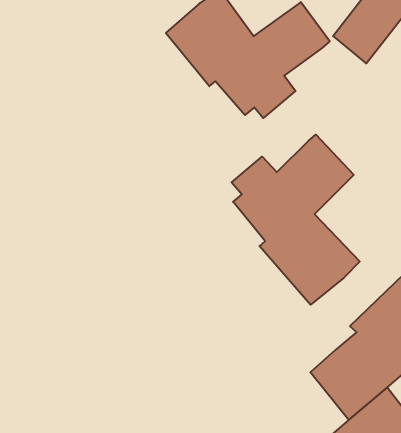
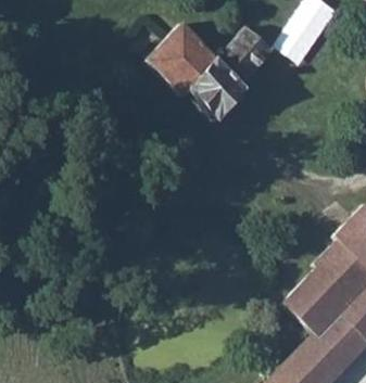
building: [232,135,360,305] -> none

